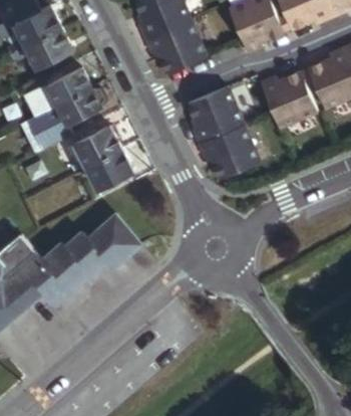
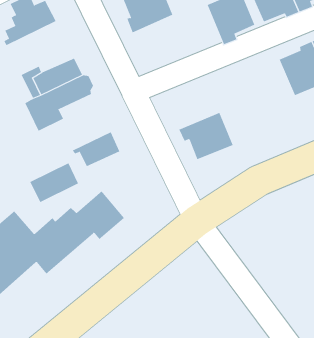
building: [146,19,208,74] -> none
building: [8,26,74,67] -> none
building: [261,72,316,128] -> none
building: [187,88,243,146] -> none
building: [69,125,123,169] -> [30,163,79,203]

